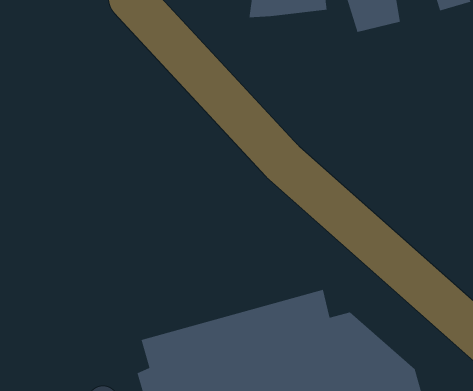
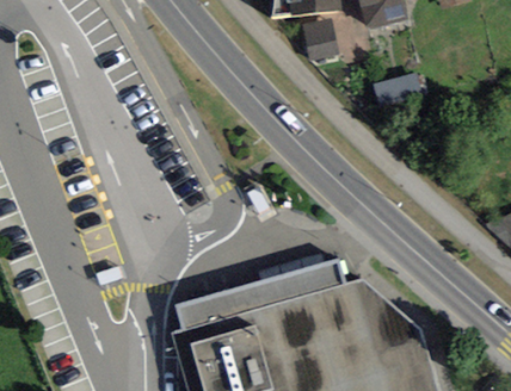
building: none -> [301,18,339,62]
building: none -> [373,74,423,108]

